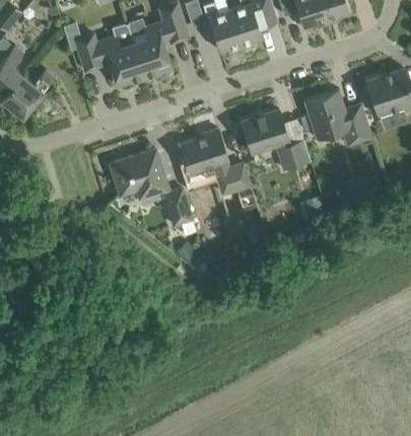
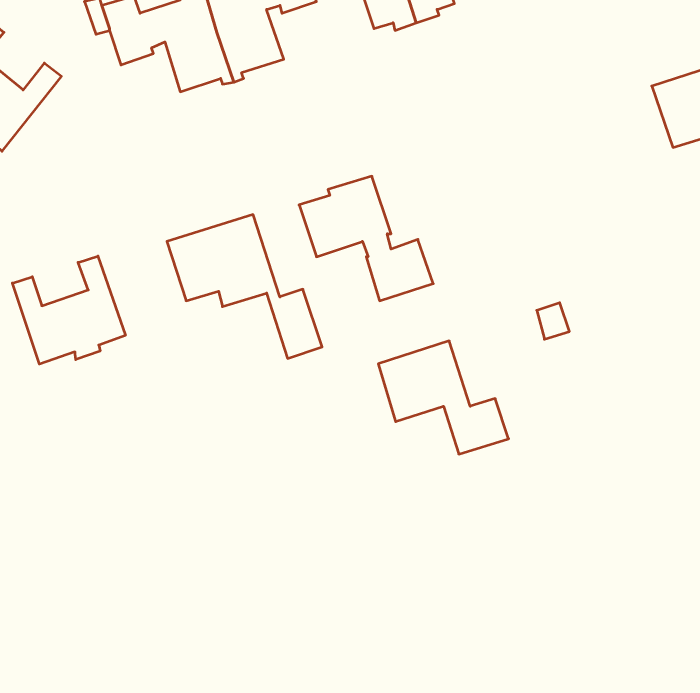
building: [305,91,371,146] -> none
building: [242,111,311,170] -> [378,341,509,454]
building: none -> [12,256,125,364]

